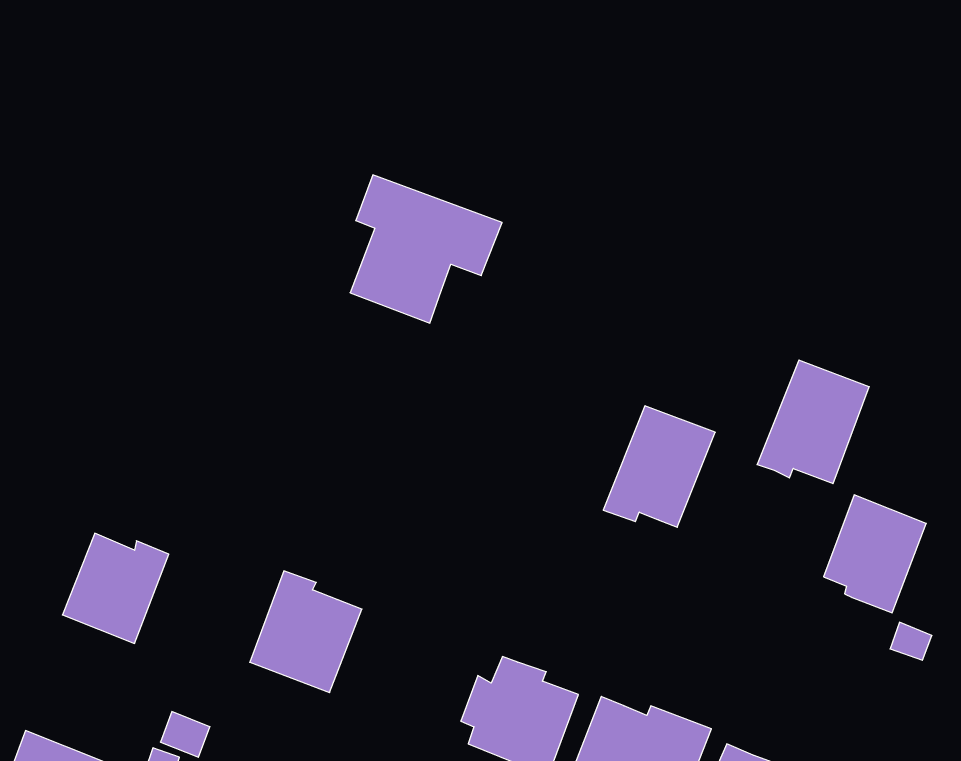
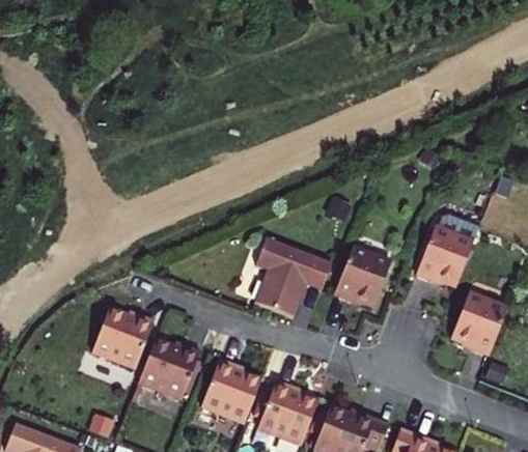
building: [350,175,502,323] -> [247,231,330,312]
building: [62,533,169,643] -> [92,322,150,383]
building: none -> [200,360,261,426]

